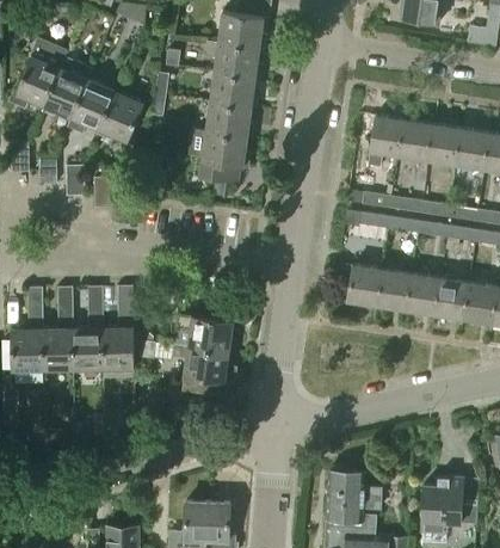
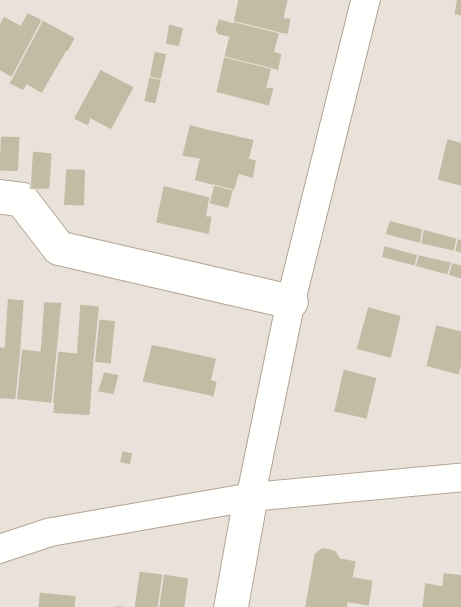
building: [68,80,115,129] -> none
building: [208,101,254,138] -> [155,185,212,235]
building: [369,116,405,166] -> none
building: [377,270,411,309] -> [333,369,377,419]
building: [173,345,232,396] -> none

